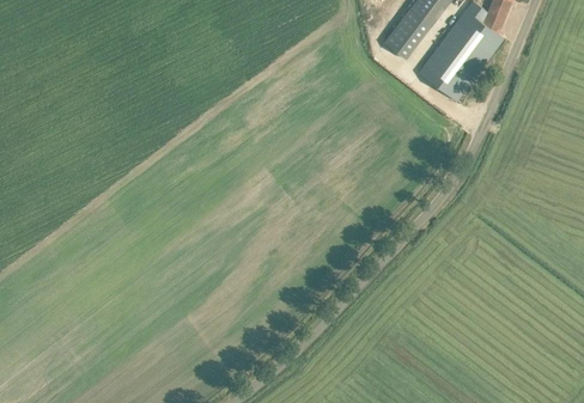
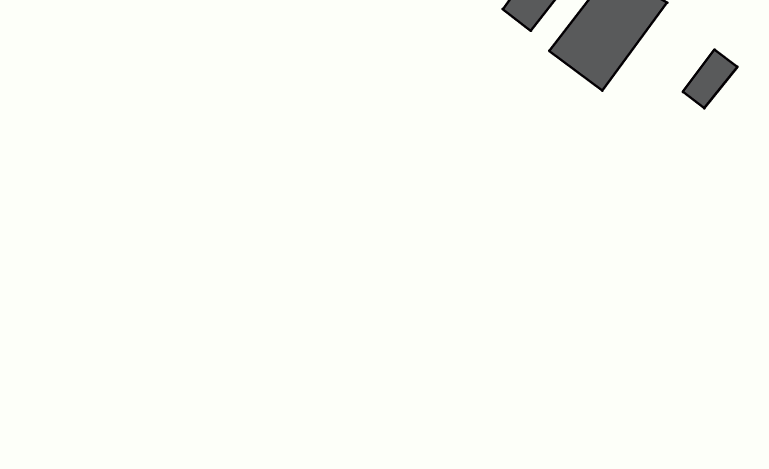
building: none -> [683,50,737,108]

